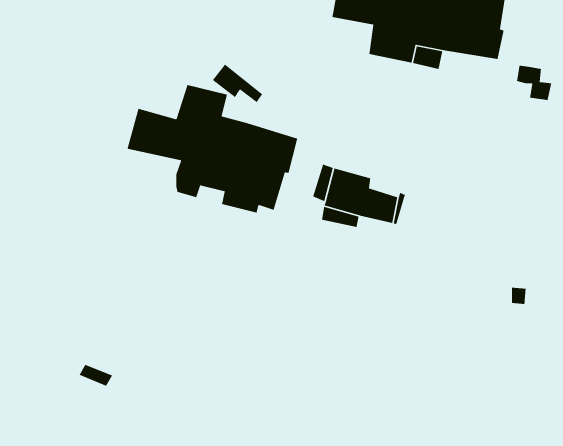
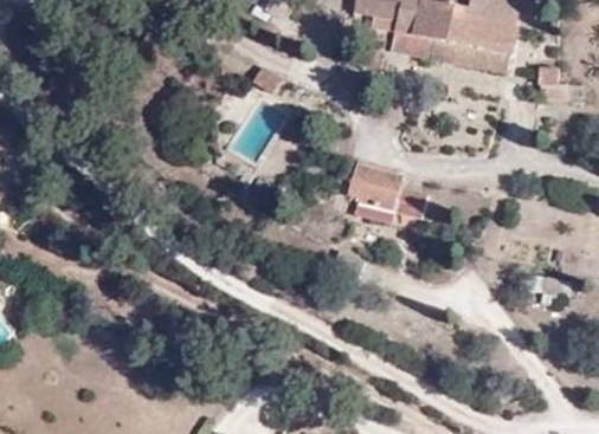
building: [126,84,298,214] -> none

